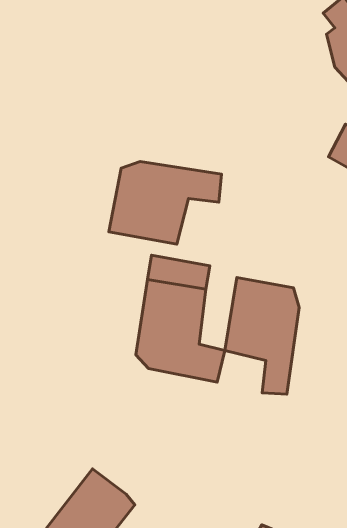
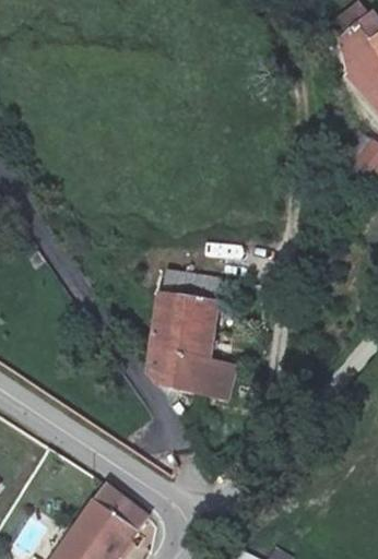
building: [109,162,221,244] -> none
building: [225,278,299,394] -> none

